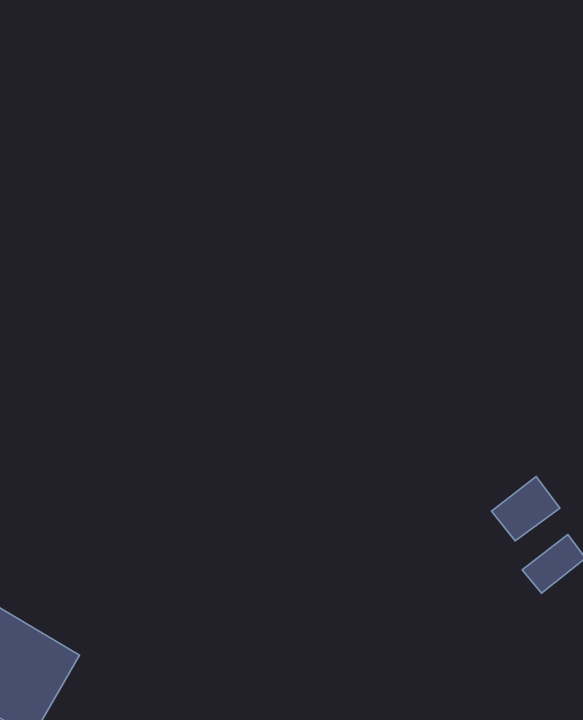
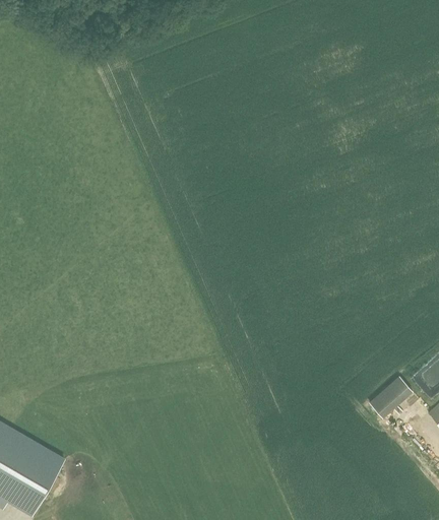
building: [492,476,560,541] -> none

